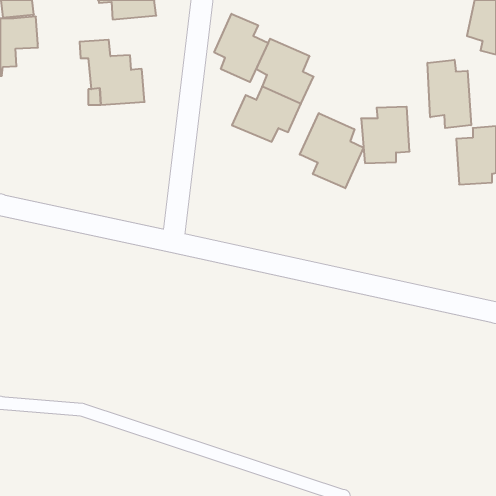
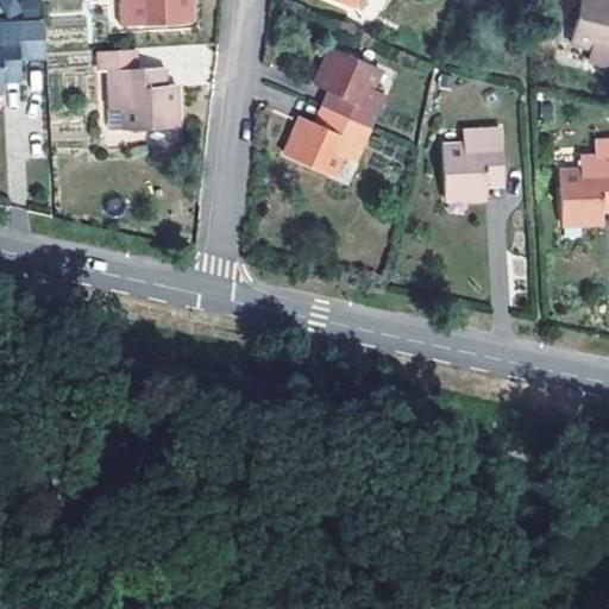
building: [214,14,268,82] -> none
building: [428,60,471,128] -> none
building: [300,113,364,188] -> none

